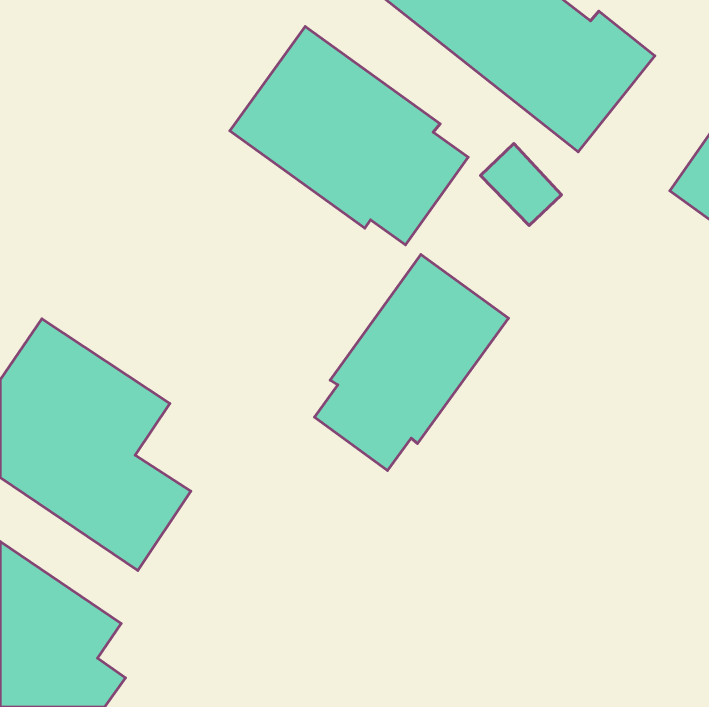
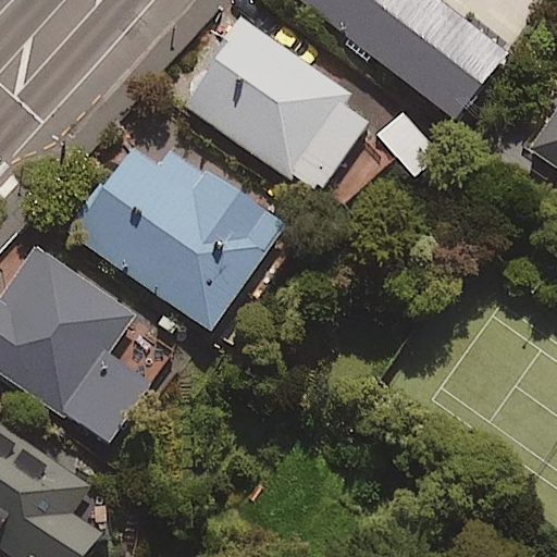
building: none -> [71,131,283,332]
building: [315,255,508,471] -> none

